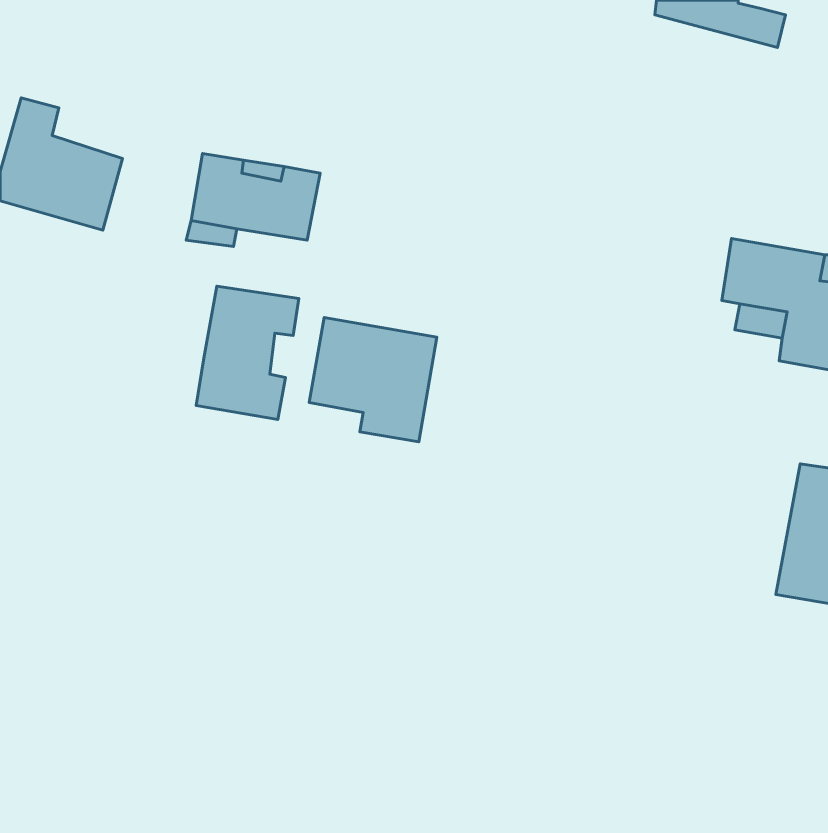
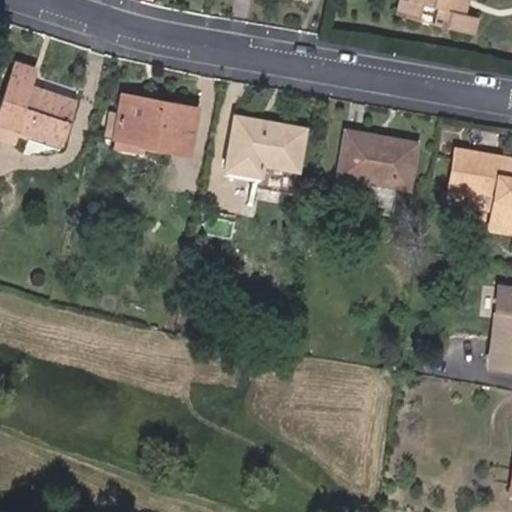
building: none -> [331,127,409,207]
building: [196,286,299,420] -> none
building: [309,318,437,442] -> [229,116,307,192]

